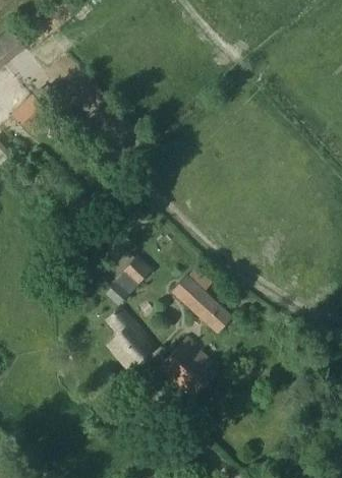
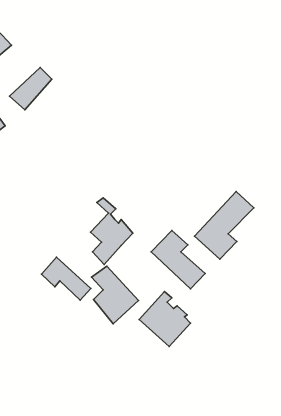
building: none -> [195,192,254,259]
building: none -> [41,257,91,300]

